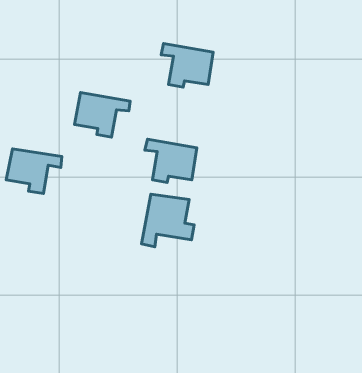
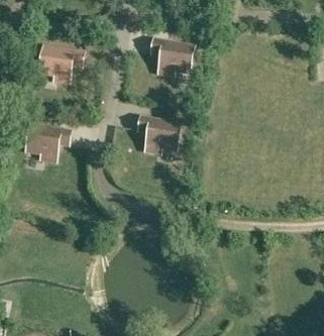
building: [74,92,130,137] -> [37,45,83,82]
building: [142,194,194,247] -> none

